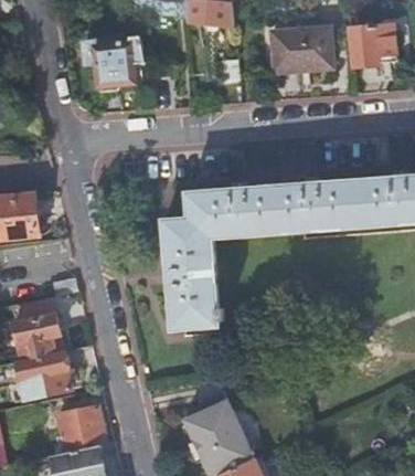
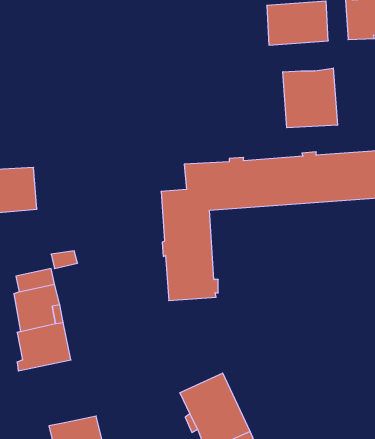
building: [92,35,143,93] -> none
building: none -> [283,68,337,128]
building: [58,408,107,452] -> none

